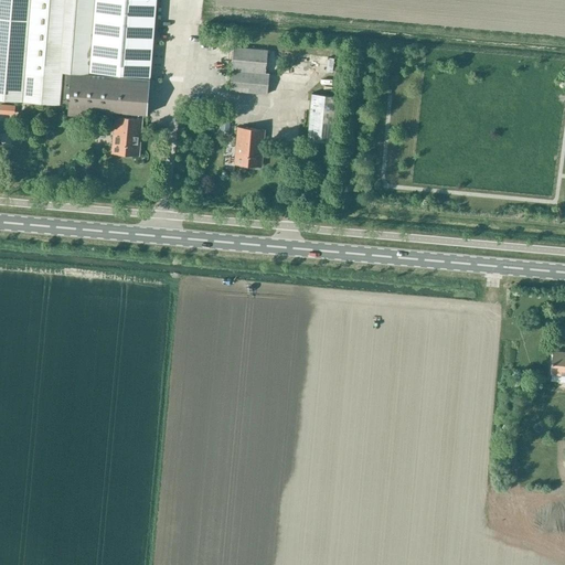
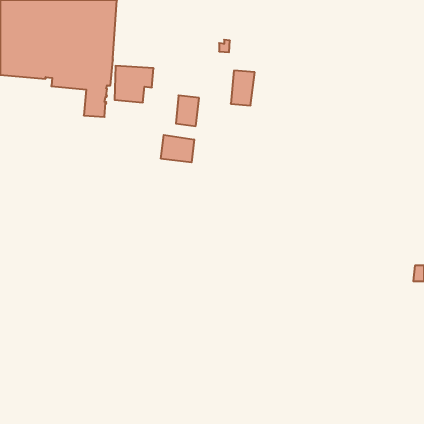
building: [230,46,281,95] -> [115,66,154,102]
building: none -> [161,135,194,162]

